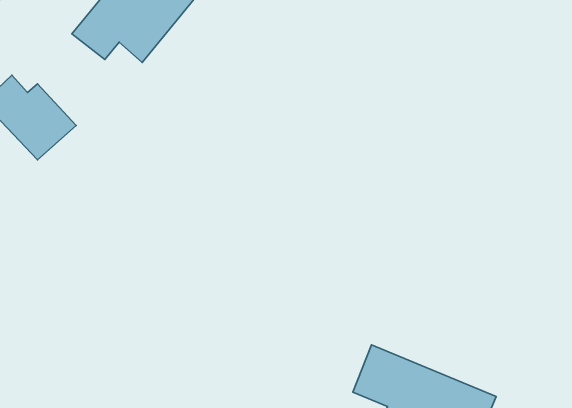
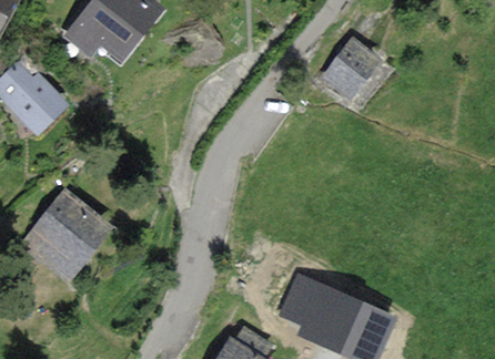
building: none -> [326,40,377,93]
building: none -> [26,193,110,278]

